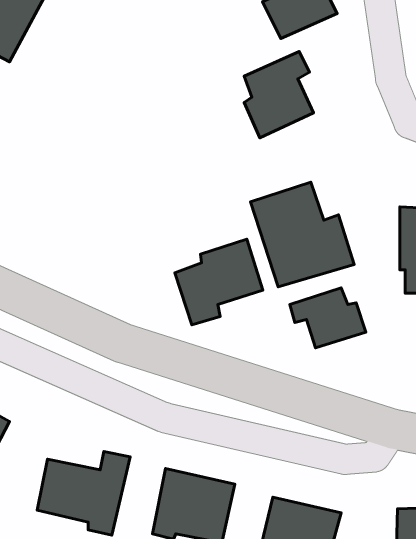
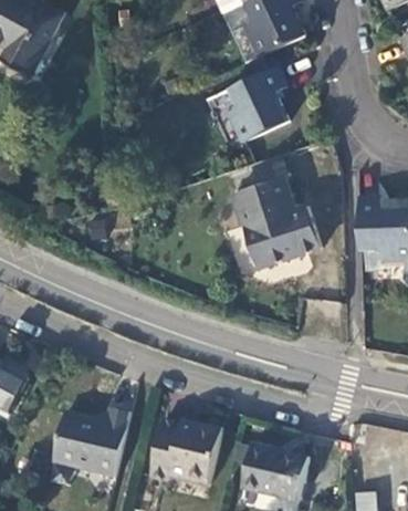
building: [175,239,263,325] -> none
building: [290,288,366,348] -> none

